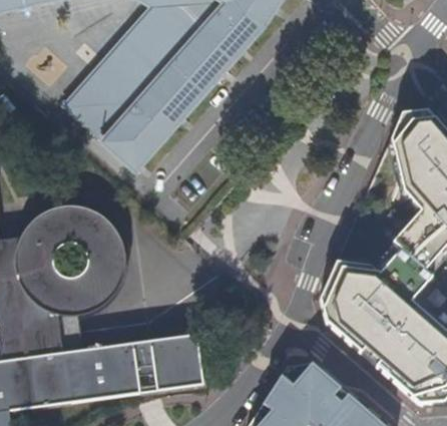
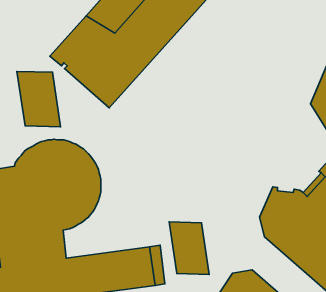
building: none -> [17,71,61,127]
building: none -> [169,222,209,275]

